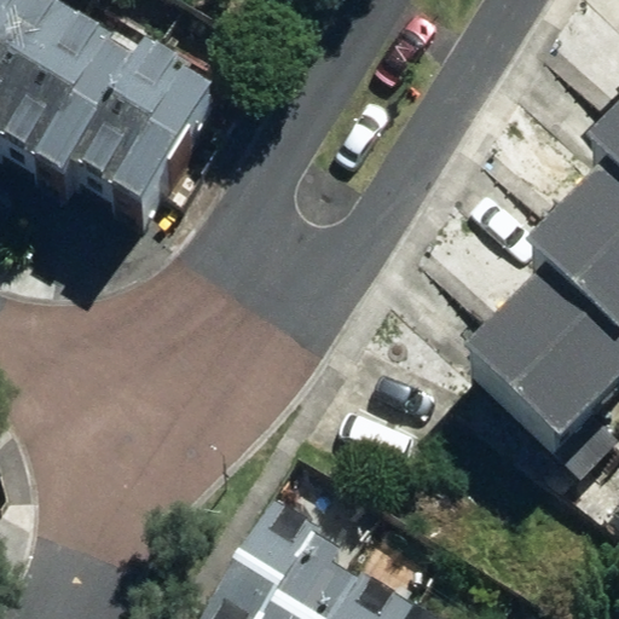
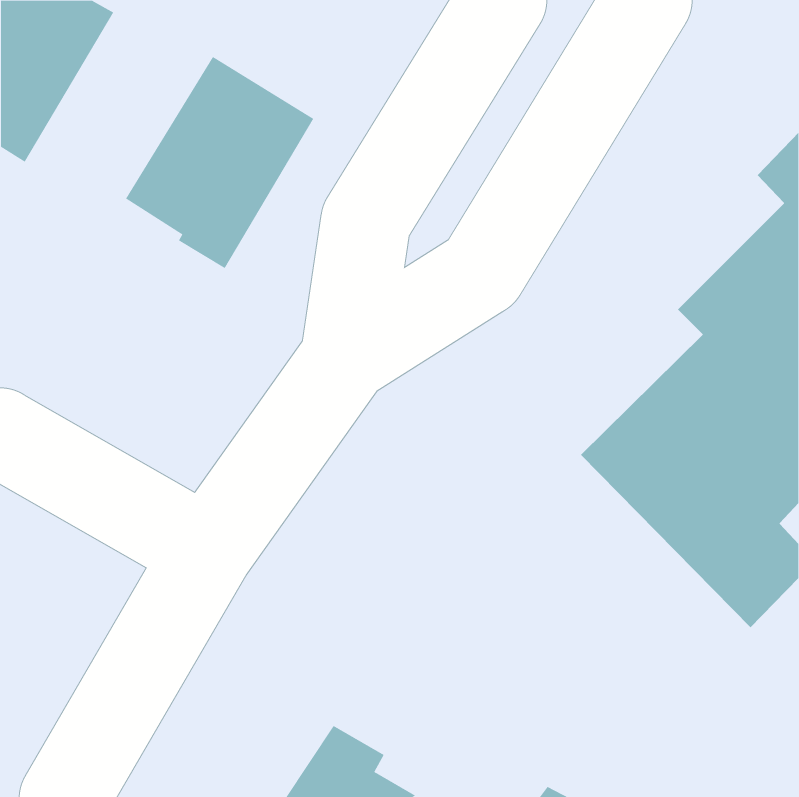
building: [19,11,158,174] -> none

